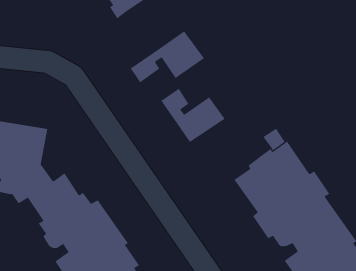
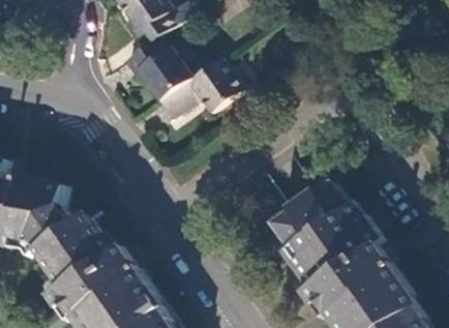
building: none -> [121,37,188,101]
building: [160,88,225,143] -> none

